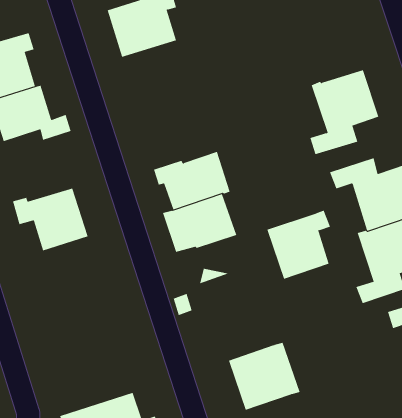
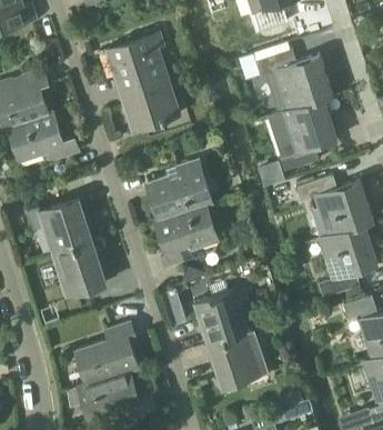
building: none -> [254,48,331,112]
building: none -> [119,74,179,130]
building: [266,210,331,280] -> [194,286,249,344]
building: none -> [52,240,104,296]
building: none -> [75,322,138,384]

